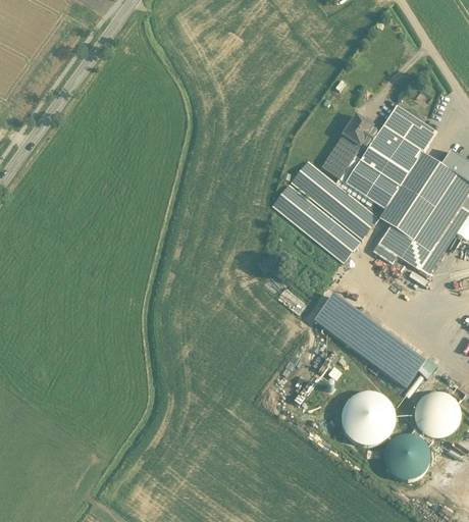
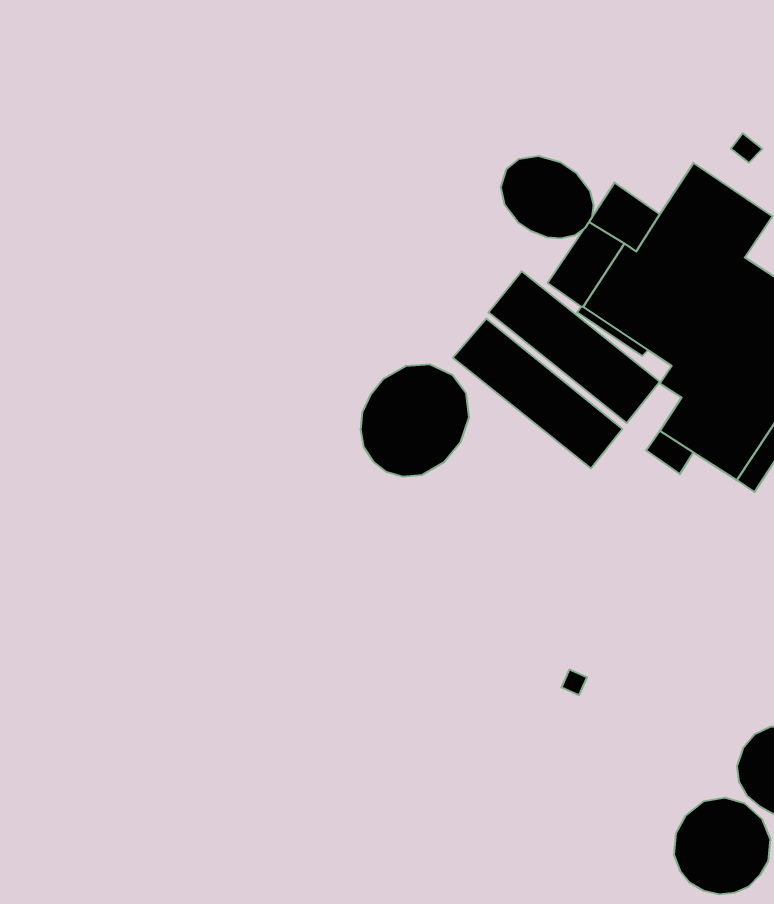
building: none -> [501,156,593,238]
building: none -> [361,364,469,477]
building: [316,294,427,388] -> none
building: [342,393,397,447] -> none

